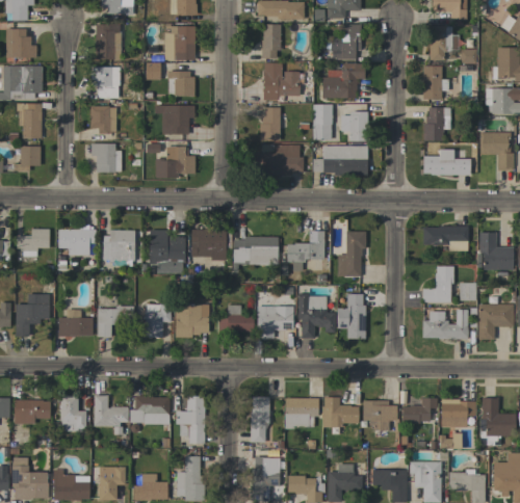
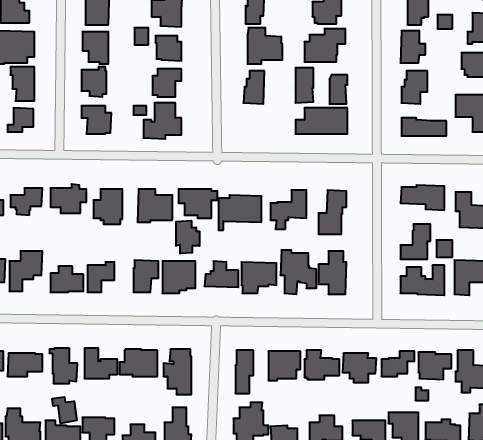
building: [256,144,303,175] -> none
building: none -> [176,221,200,254]
building: none -> [52,397,77,424]

